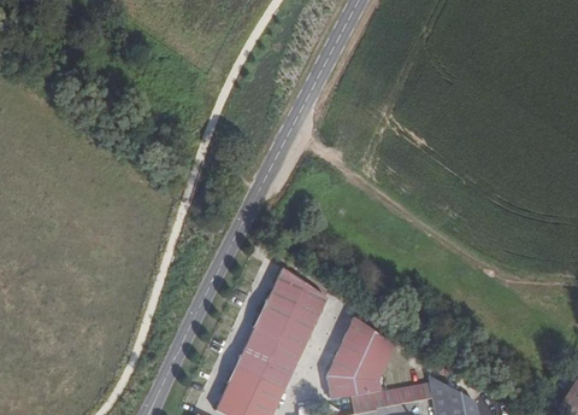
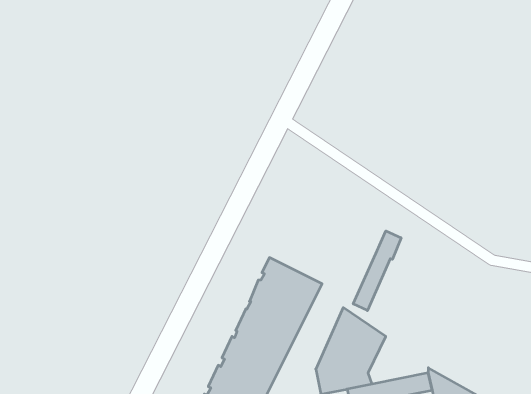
building: none -> [353,231,401,311]

